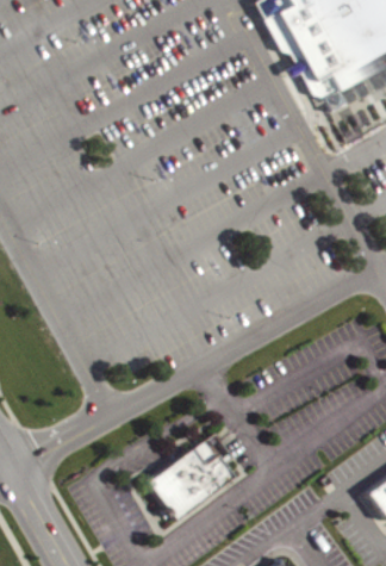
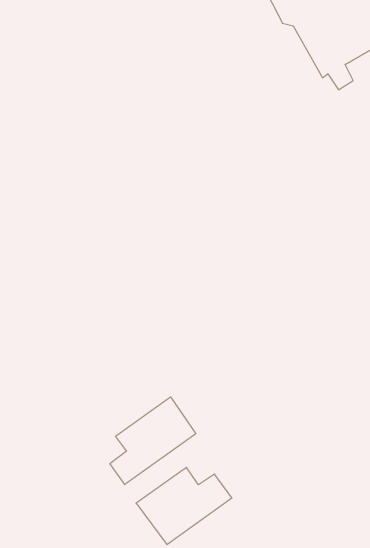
building: none -> [110,397,196,485]

